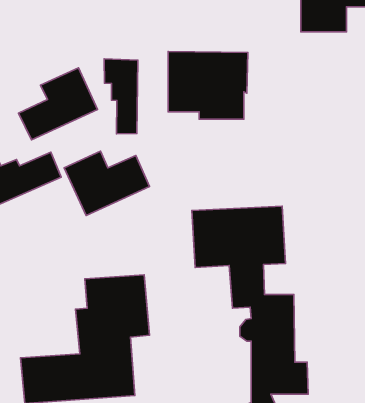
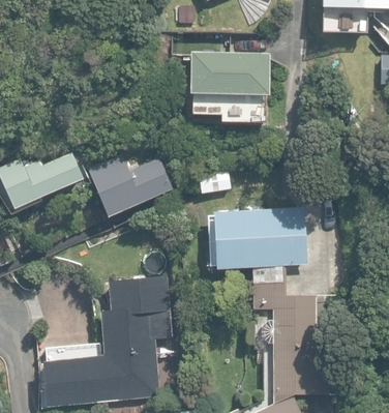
building: [104,59,138,134] -> none
building: [19,68,98,140] -> none

